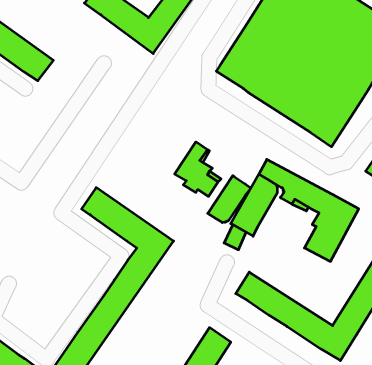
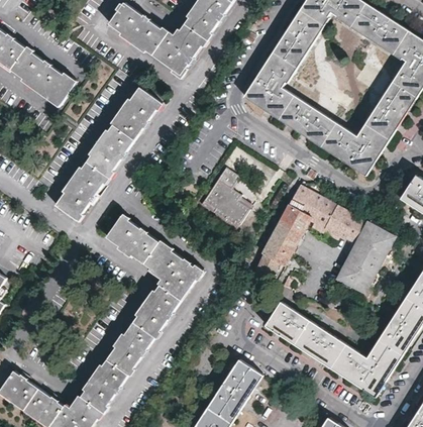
building: none -> [54,87,161,220]
building: [208,176,251,223] -> none

